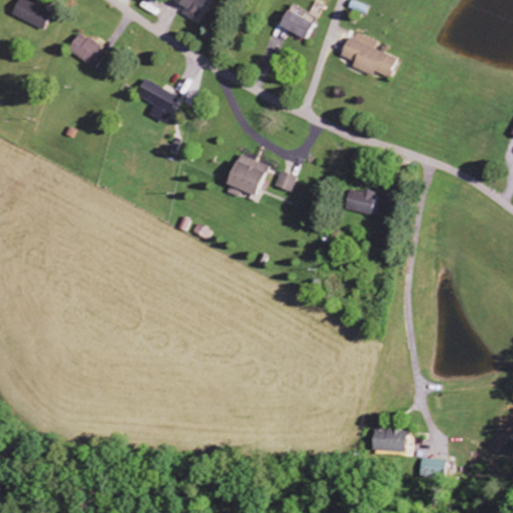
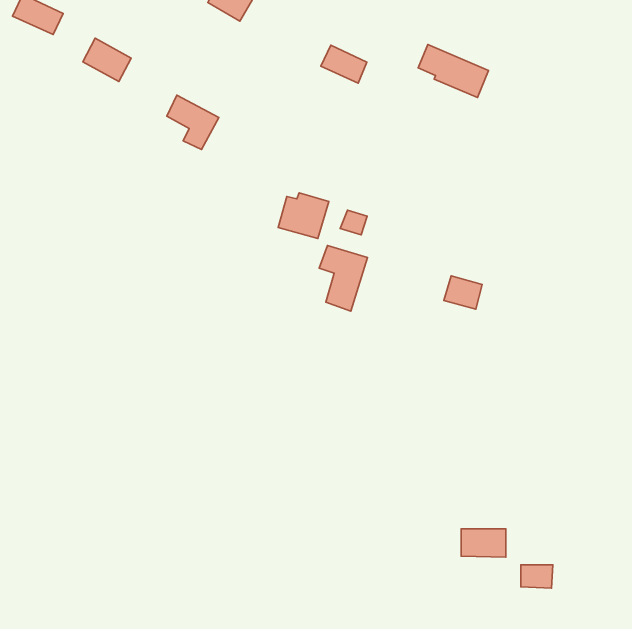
building: [276,8,313,39] -> [321,45,367,83]
building: [345,186,376,213] -> [444,276,482,309]
building: none -> [319,245,367,311]

